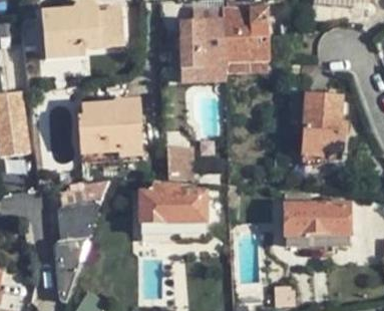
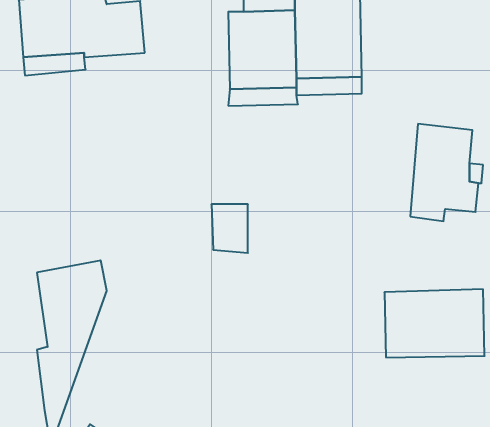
building: [77,98,140,158] -> none
building: [140,184,205,234] -> none

